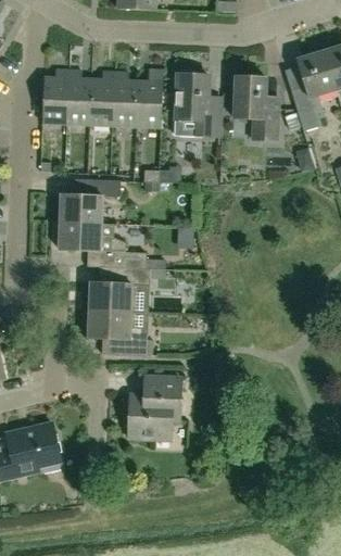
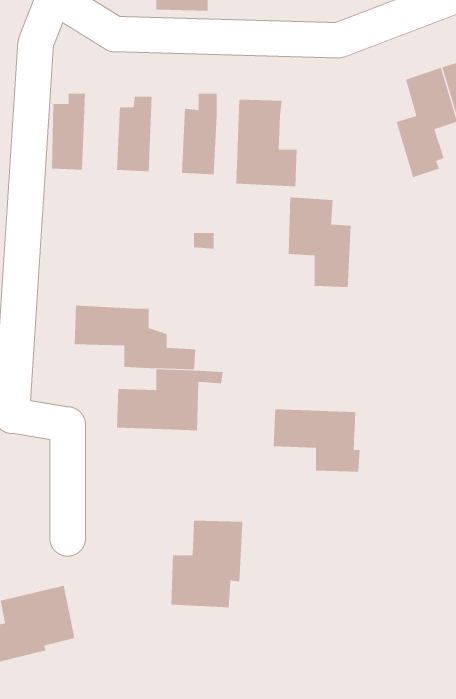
building: [65,68,91,124] -> none
building: [113,71,138,126] -> none
building: [233,75,279,140] -> [288,197,351,288]
building: [60,178,119,223] -> none
building: [88,308,151,354] -> [273,409,361,472]

